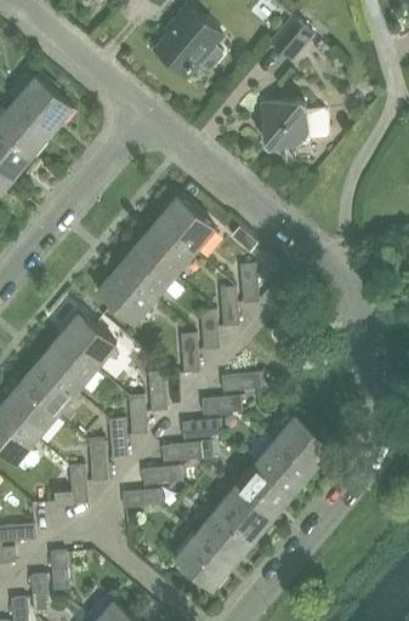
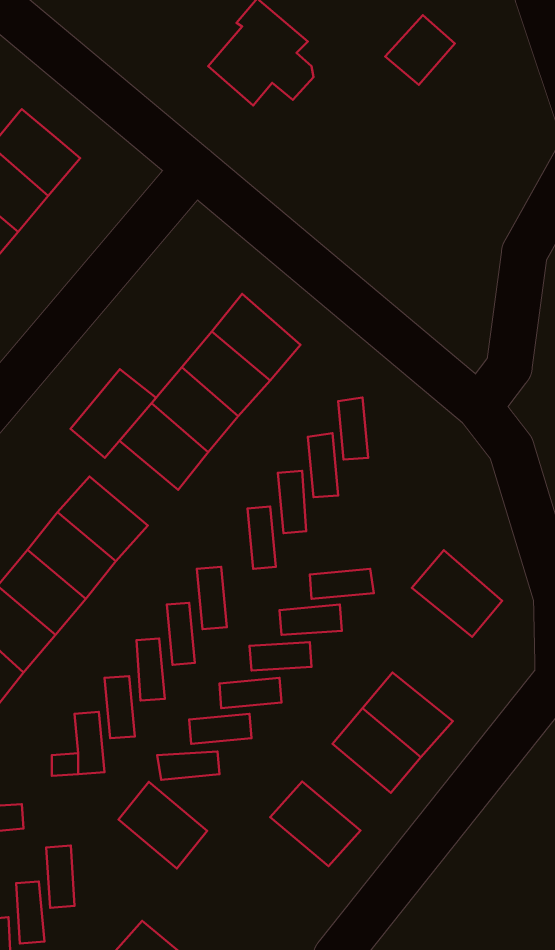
building: [260,99,330,146] -> none
building: none -> [70,369,156,458]
building: [273,415,331,471] -> [412,550,502,637]
building: [215,485,272,541] -> none
building: [175,532,232,588] -> [119,782,207,868]

